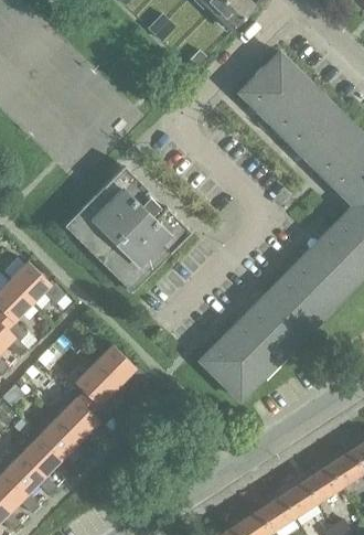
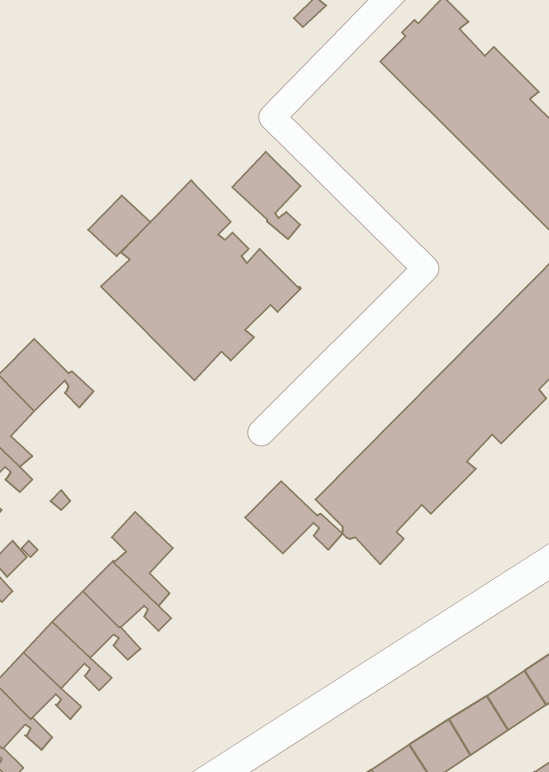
building: none -> [232,152,301,239]
building: none -> [88,195,150,256]
building: [89,345,149,389] -> [245,481,342,553]

